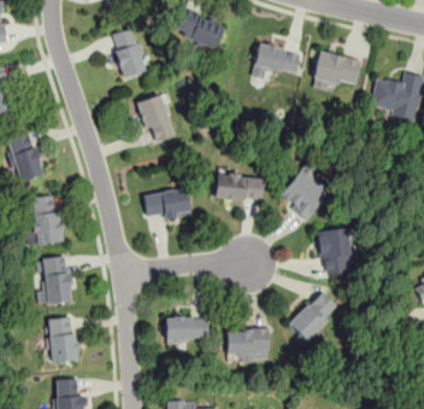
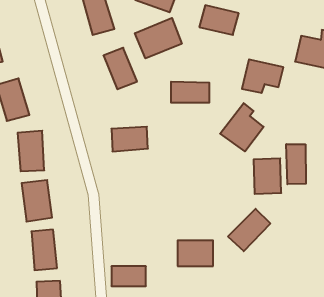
building: [312,49,363,90] -> [242,59,283,93]
building: none -> [135,18,182,58]
building: [216,174,263,199] -> [171,82,209,103]
building: none -> [286,144,306,184]
building: [166,315,208,339] -> [111,266,146,286]

